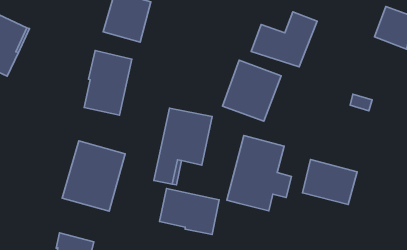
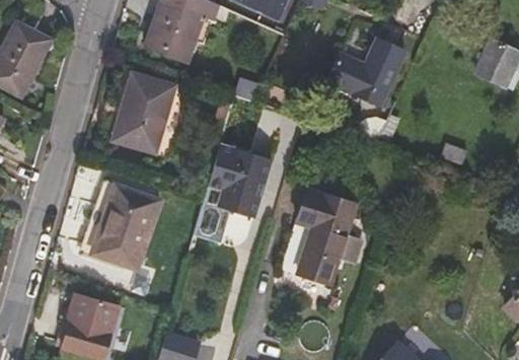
building: [223,60,281,121] -> none
building: [303,160,357,205] -> none
building: [159,189,219,235] -> none

